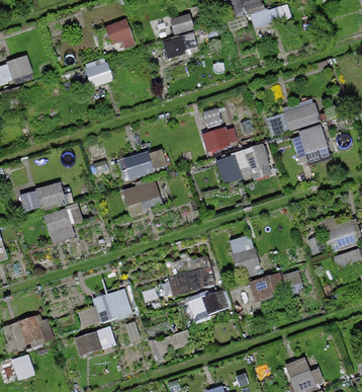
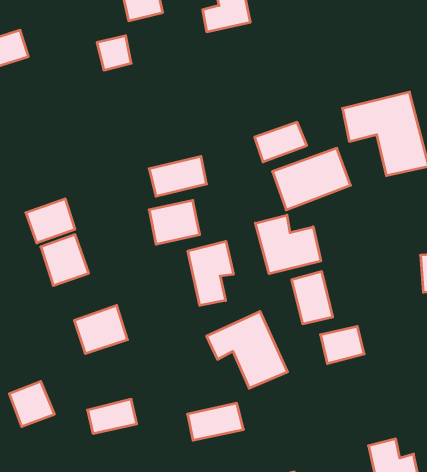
building: none -> [255,215,321,274]
building: none -> [188,241,233,305]
building: [93,288,132,323] -> [74,305,128,353]

